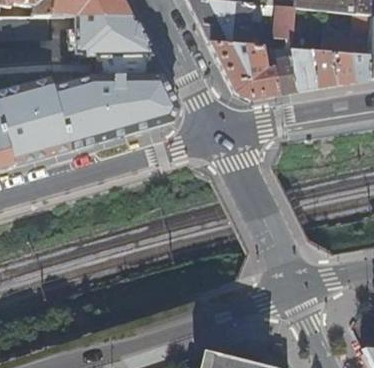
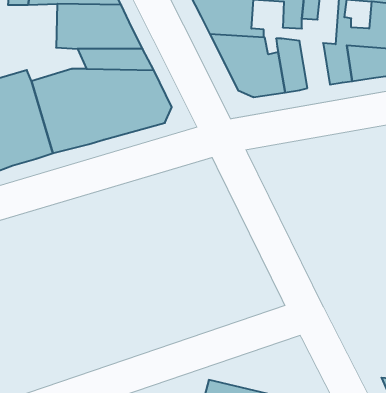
building: [289,47,316,89] -> none

